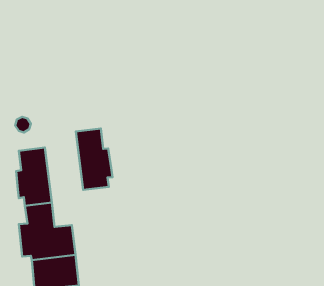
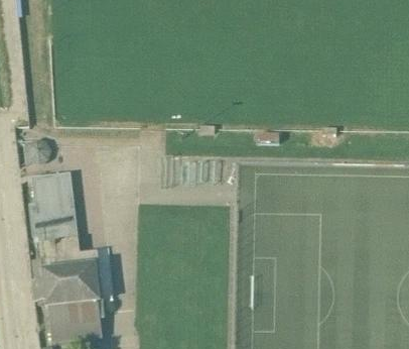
building: [76,128,113,190] -> none

